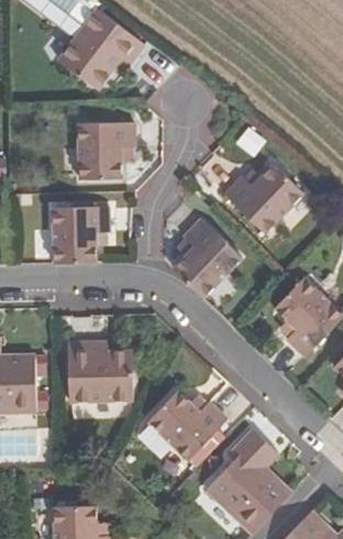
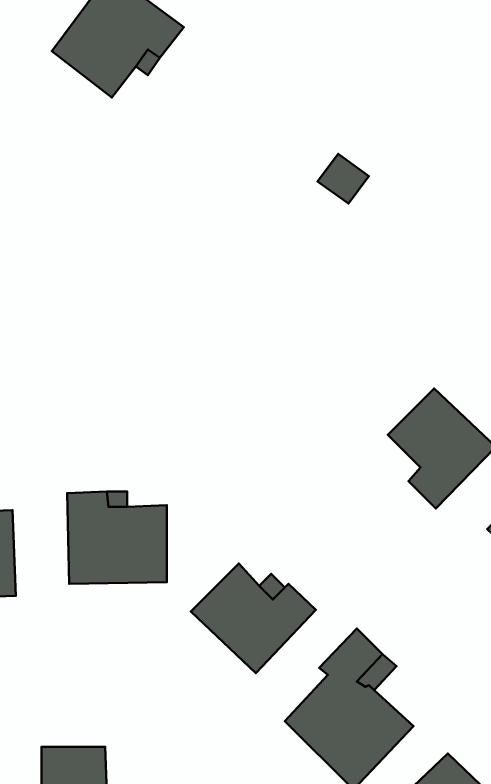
building: [77,122,134,179] -> none
building: [222,163,302,232] -> none
building: [51,206,108,263] -> none
building: [170,217,240,296] -> none

